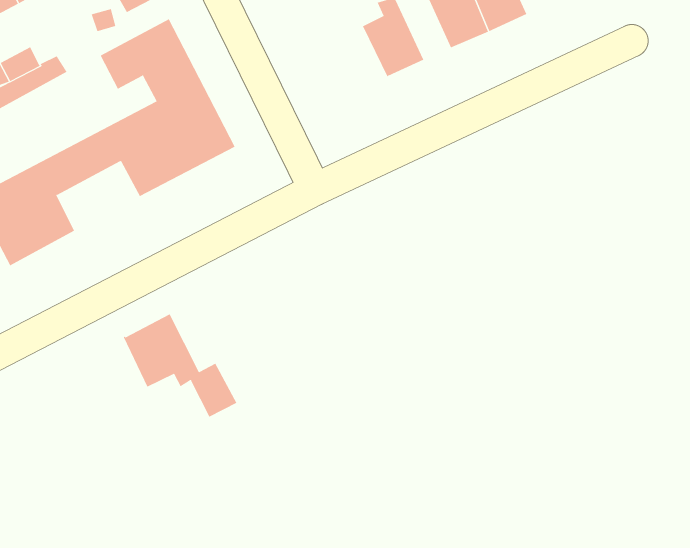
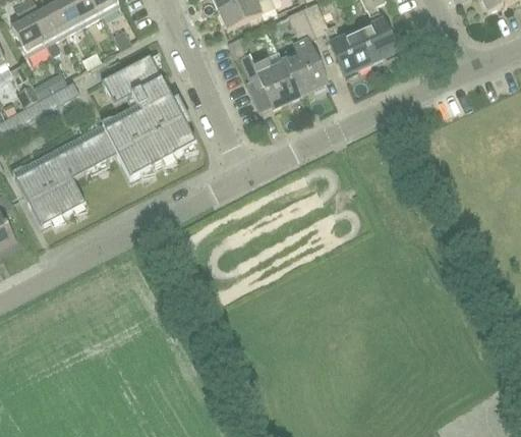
building: none -> [239,52,301,107]
building: [123,314,237,417] -> none

